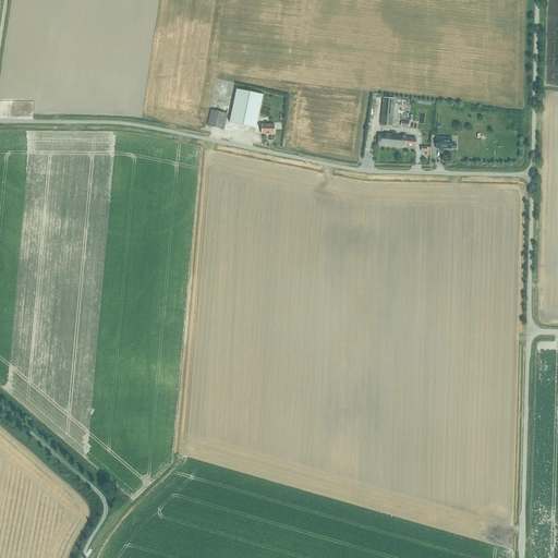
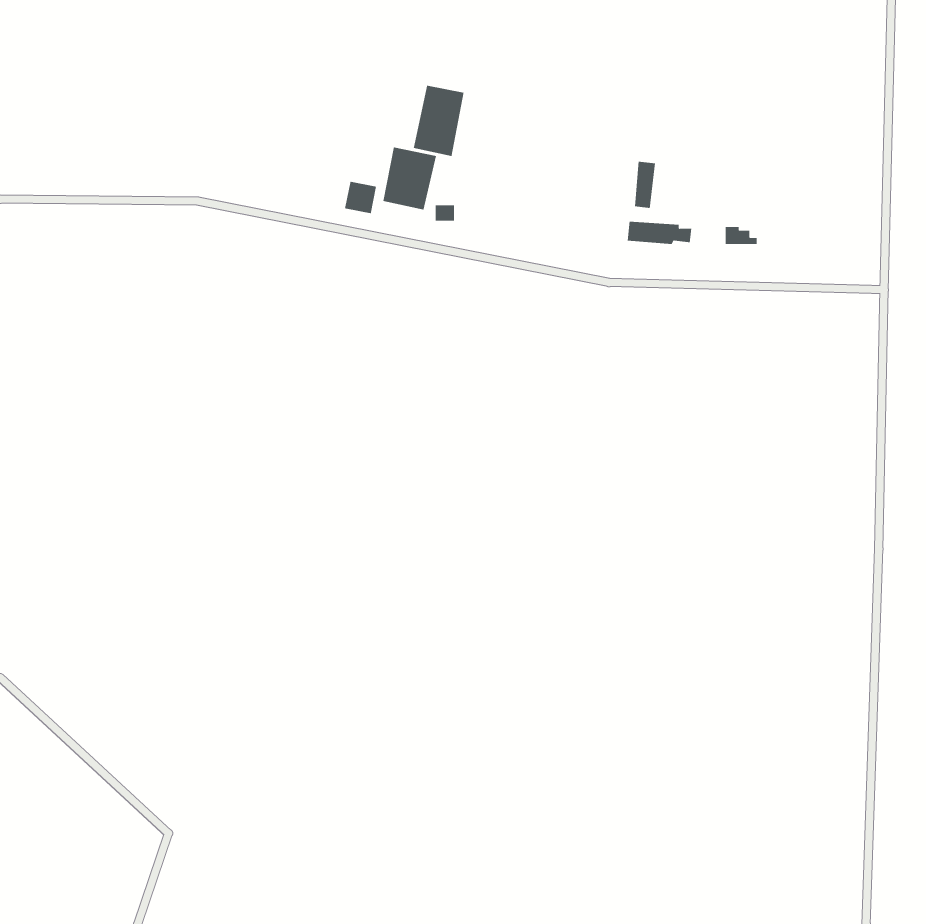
building: none -> [413,85,464,157]

